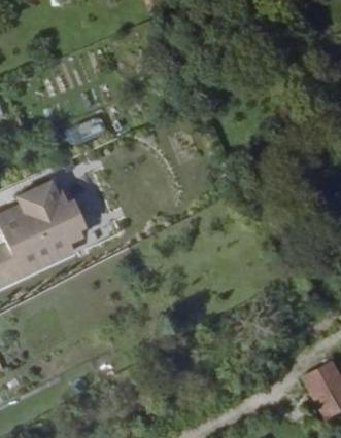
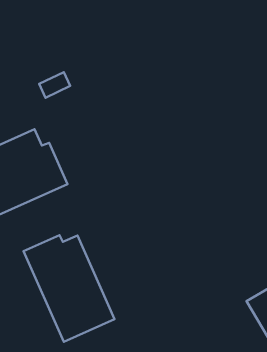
building: none -> [23,235,114,342]

